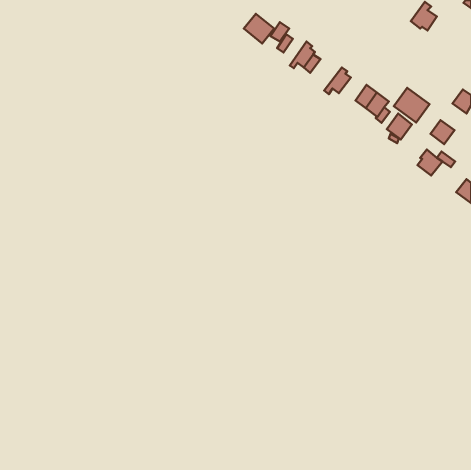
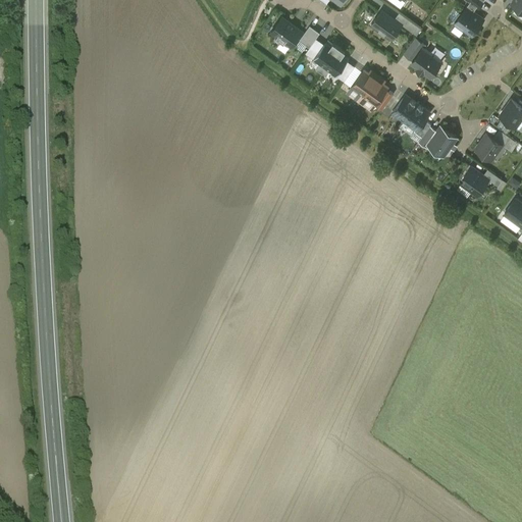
building: none -> [370,12,401,41]
building: none -> [312,43,338,74]
building: none -> [410,48,442,80]
building: none -> [351,70,377,102]
building: [394,88,429,122] -> none

